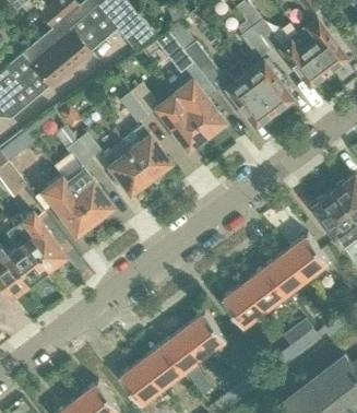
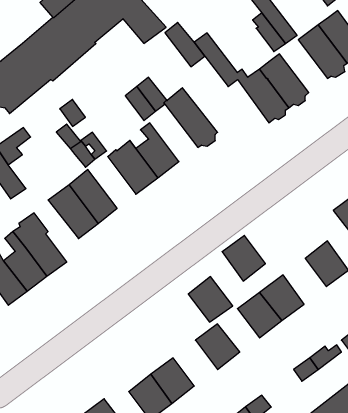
building: [172,79,224,134] -> none
building: [266,252,307,295] -> [222,235,265,281]
building: [164,329,205,371] -> [188,277,233,322]

